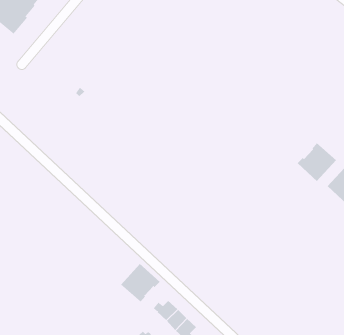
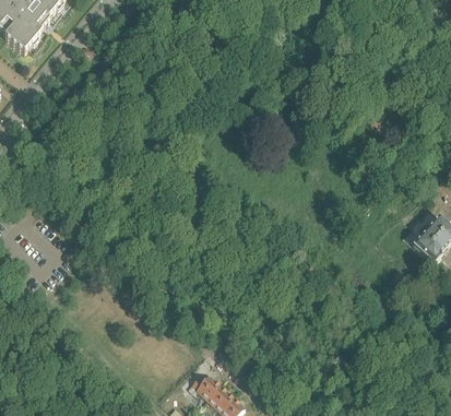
building: [297,143,337,182] -> none
building: [120,263,160,303] -> none

